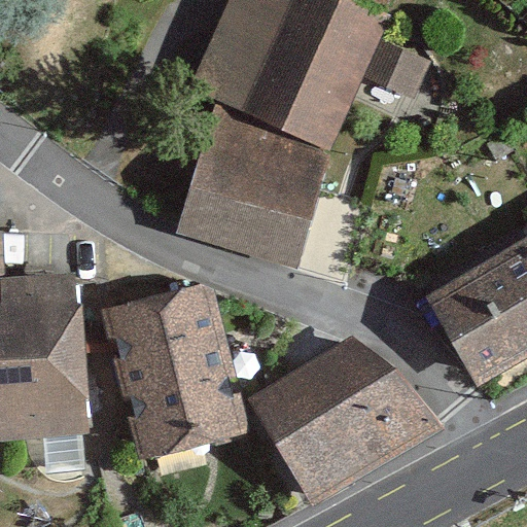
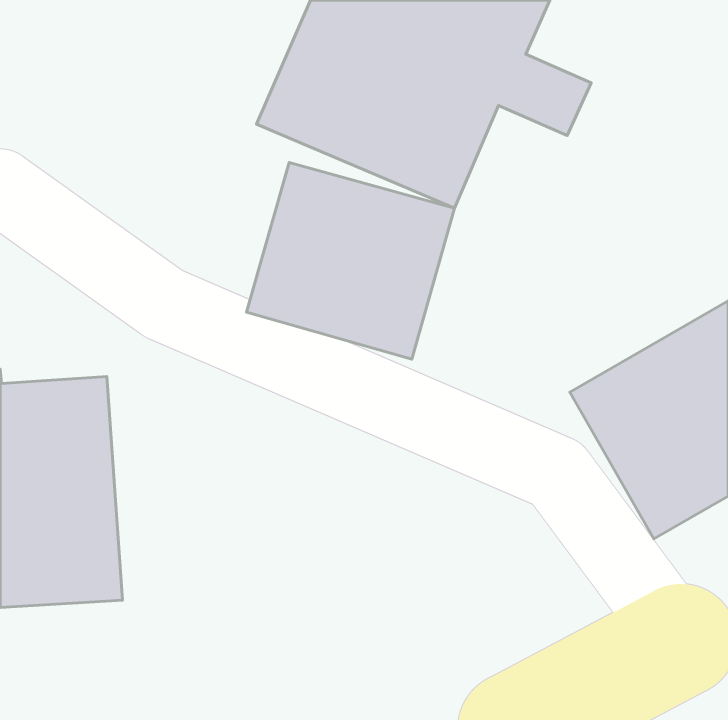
building: [100,285,237,453] -> none
building: [249,336,431,497] -> none

